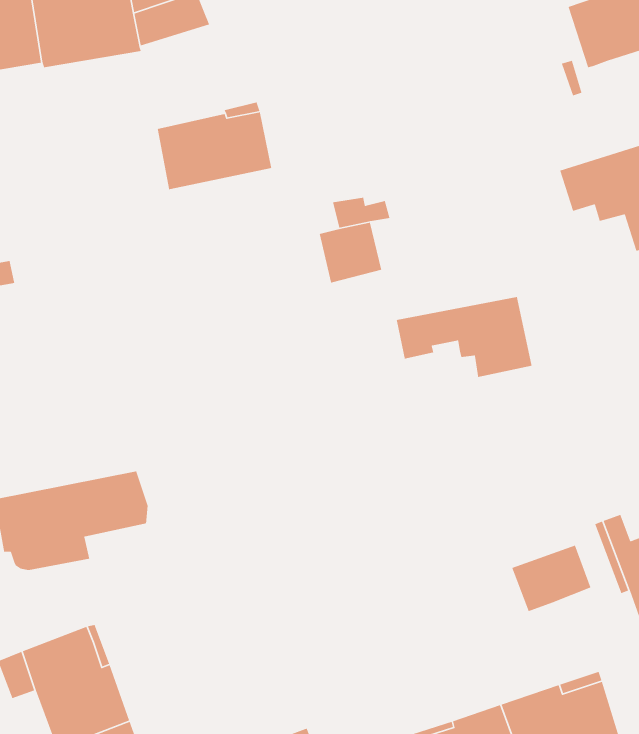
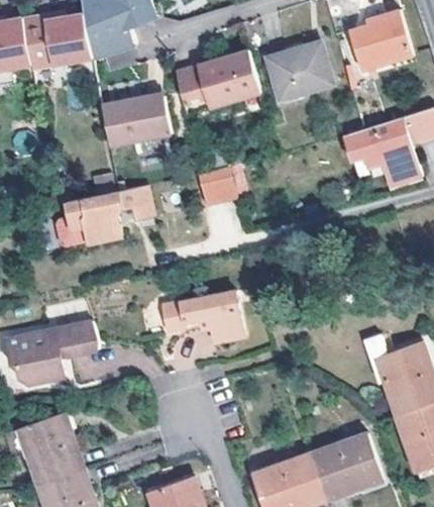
building: none -> [268,44,333,101]
building: none -> [175,50,260,112]
building: none -> [53,184,151,244]
building: [396,296,533,378] -> [160,290,243,339]
building: [511,544,592,612] -> none

